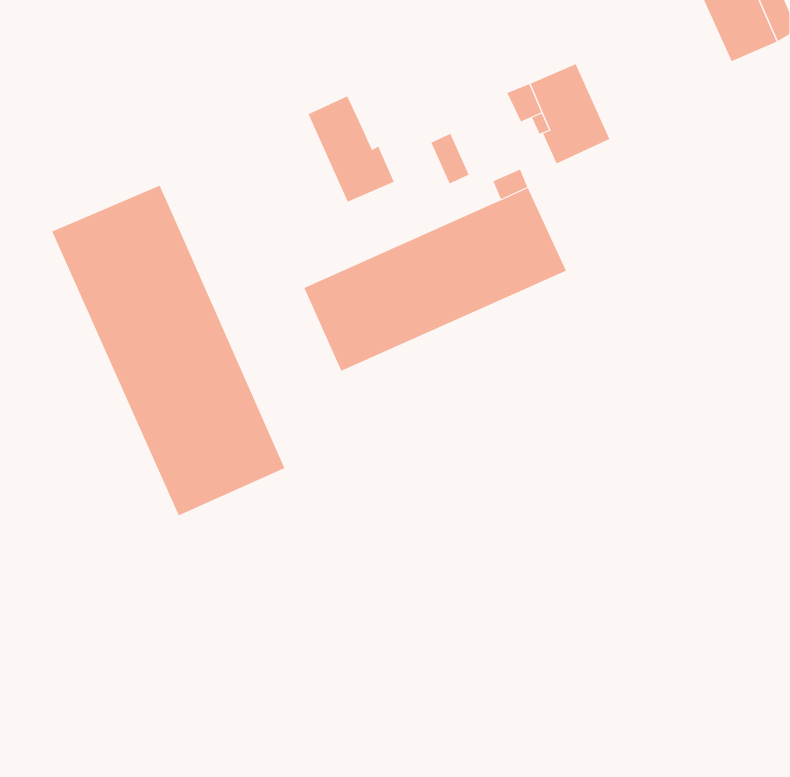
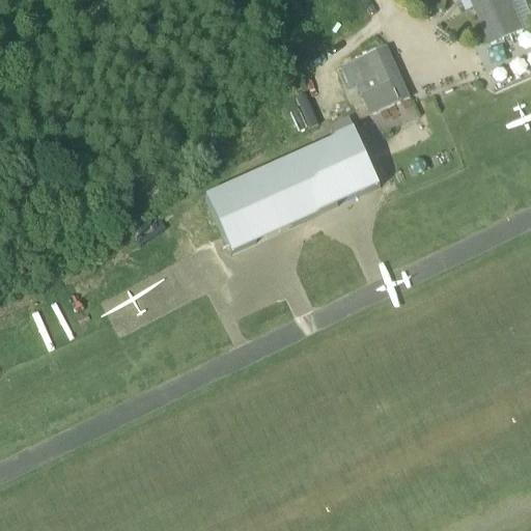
building: [308,95,394,202] -> none
building: [51,185,285,516] -> none

